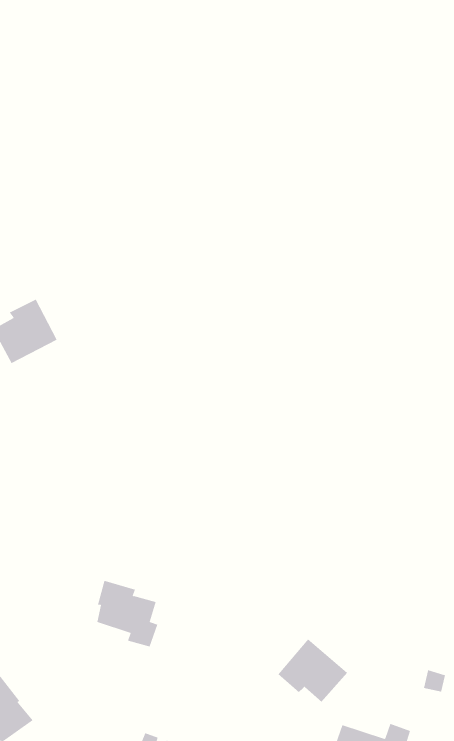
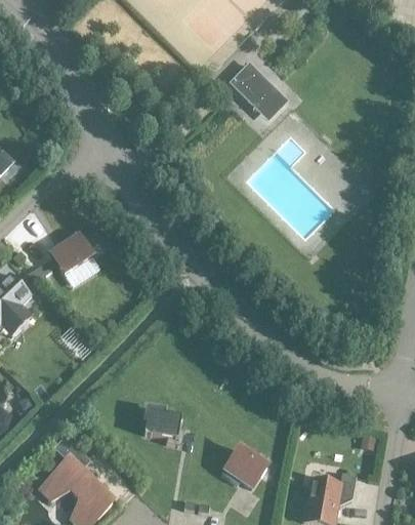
building: none -> [237,62,285,109]
building: [278,639,348,702] -> [222,447,267,487]

